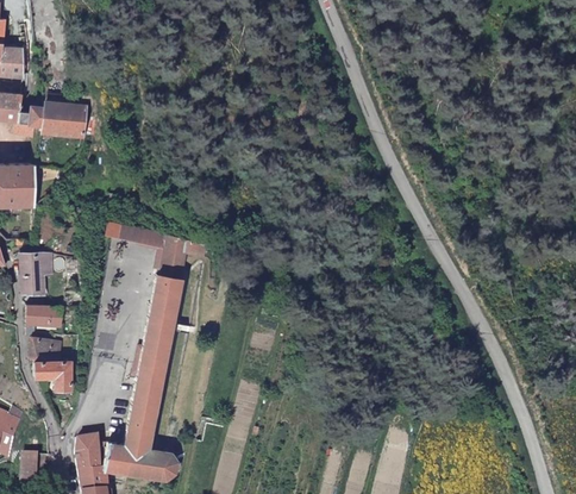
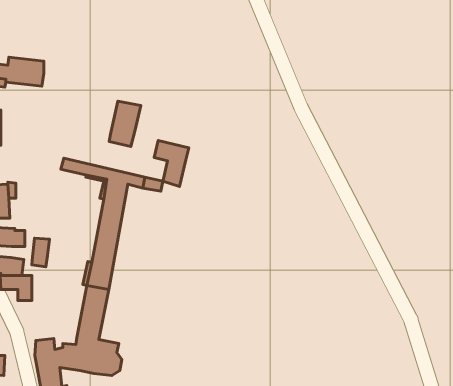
building: none -> [109,101,141,147]
building: none -> [154,141,189,187]
building: none -> [32,238,49,267]

